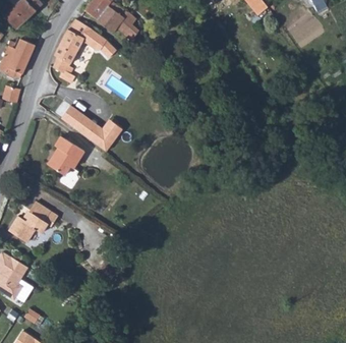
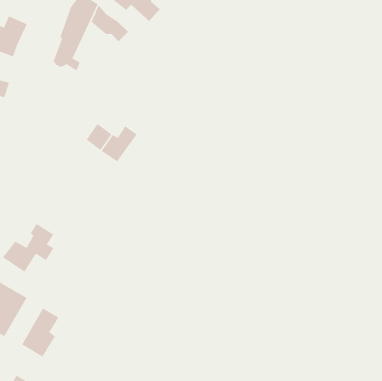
building: [59,110,89,137] -> none
building: [50,141,86,180] -> none
building: none -> [22,308,59,358]

